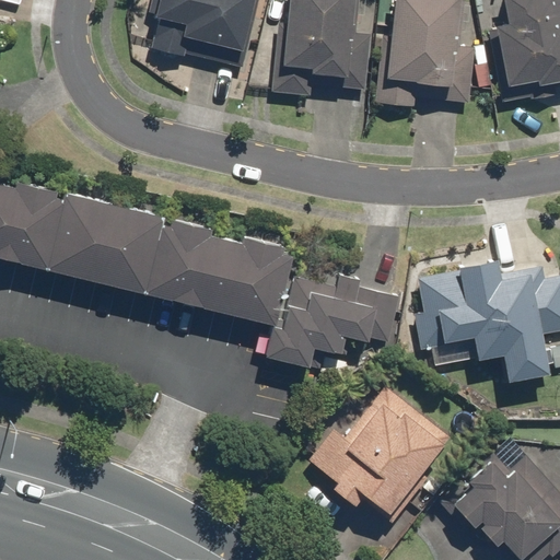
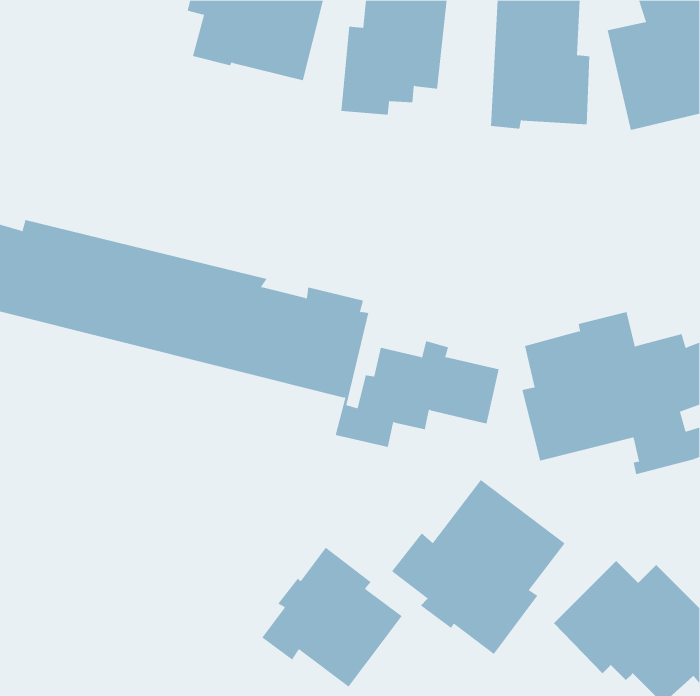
building: none -> [261,547,403,687]

